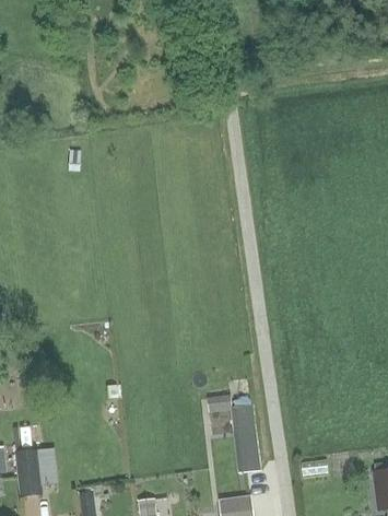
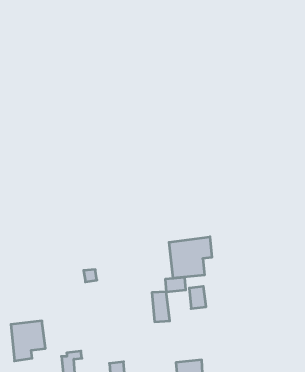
building: none -> [169,237,212,278]
building: [235,433,257,470] -> [152,292,170,322]

